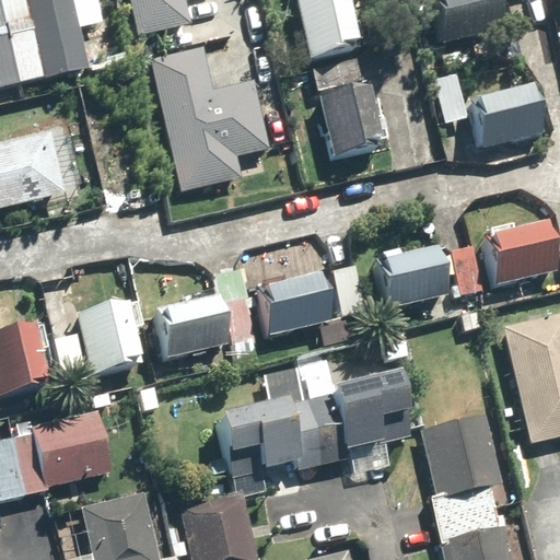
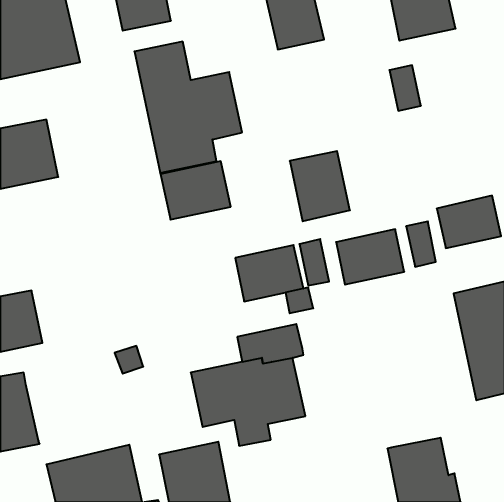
building: [317,81,384,159] -> [290,151,350,221]
building: [467,81,542,147] -> none
building: [77,296,143,373] -> none
building: [149,296,226,361] -> [161,161,231,220]
building: [336,372,411,447] -> none
building: [30,410,114,488] -> none
building: [420,413,501,495] -> none

